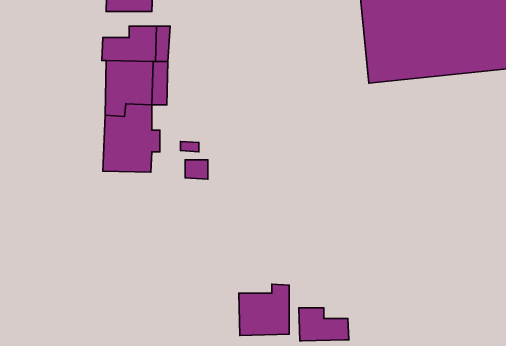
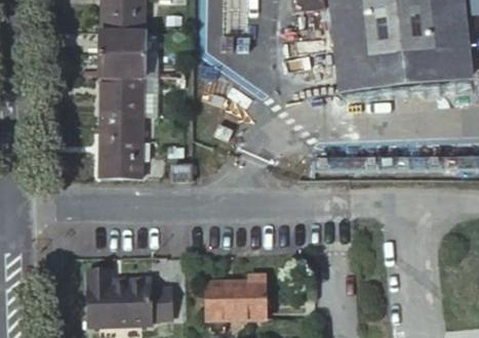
building: none -> [98,29,147,52]
building: none -> [88,277,172,325]
building: [299,308,349,341] -> none

